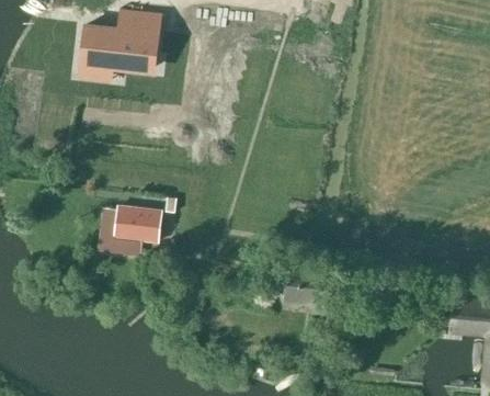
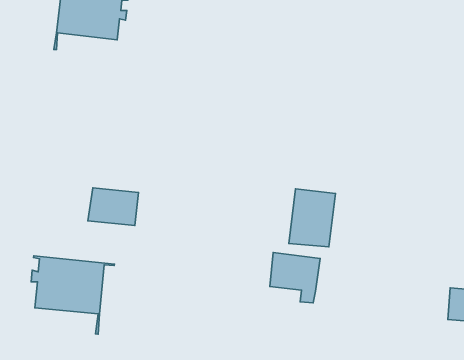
building: none -> [289,189,335,247]
building: none -> [31,256,114,334]

